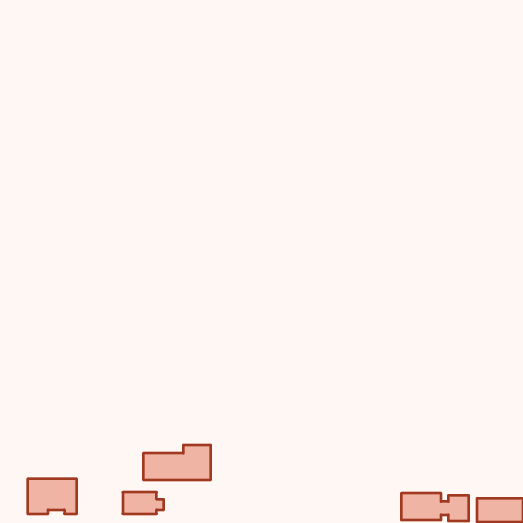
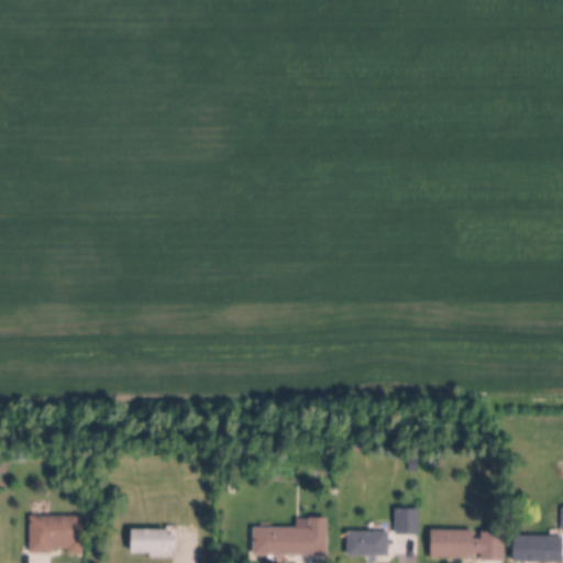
building: [143,445,211,480] -> [254,518,327,555]
building: none -> [394,509,419,534]
building: none -> [346,531,388,555]

